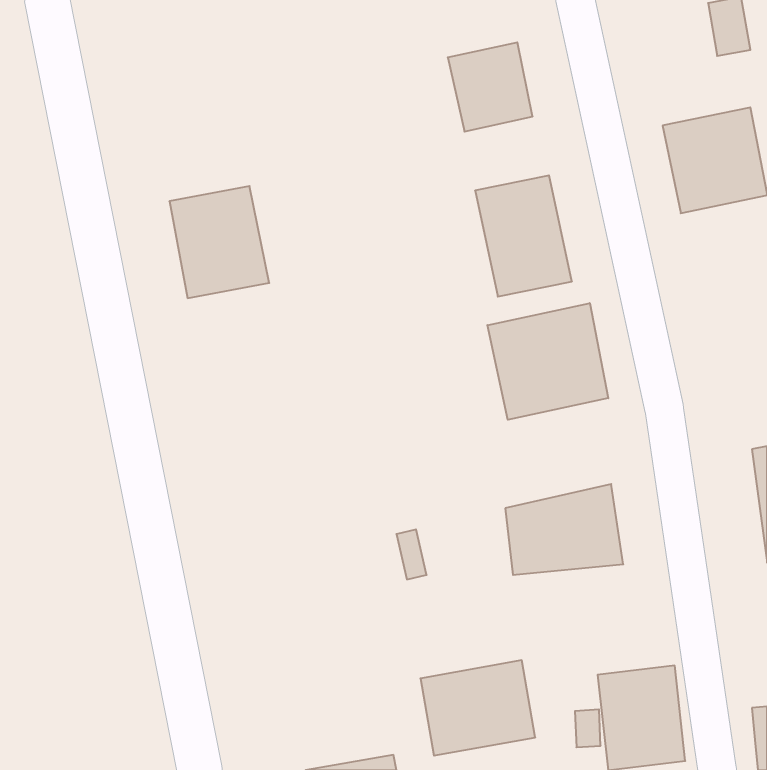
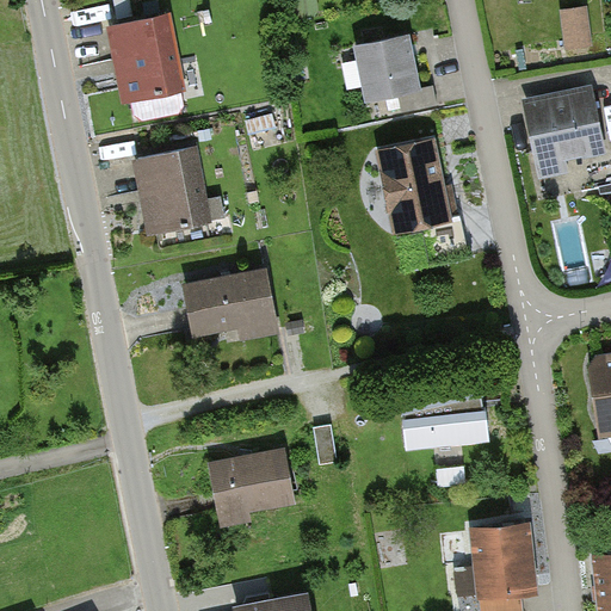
building: none -> [106,16,184,104]
building: [487,303,608,420] -> none
building: none -> [186,270,278,344]
building: [420,660,535,756] -> [208,451,298,526]

